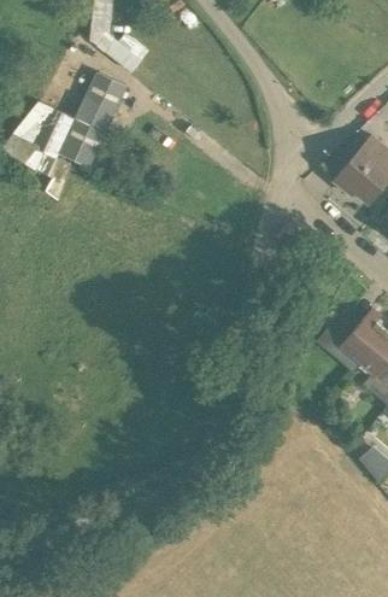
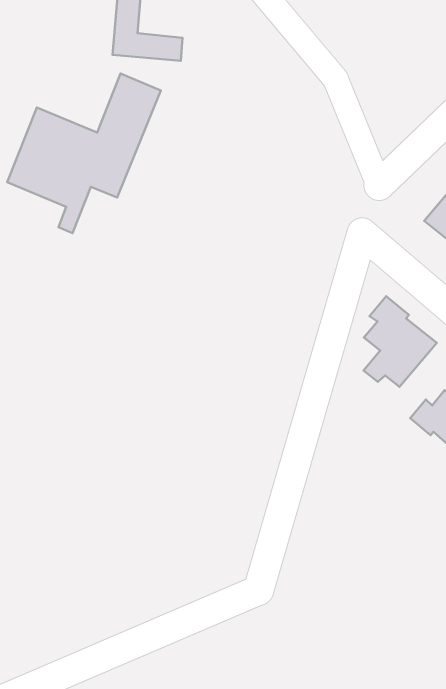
building: none -> [363,296,437,387]

